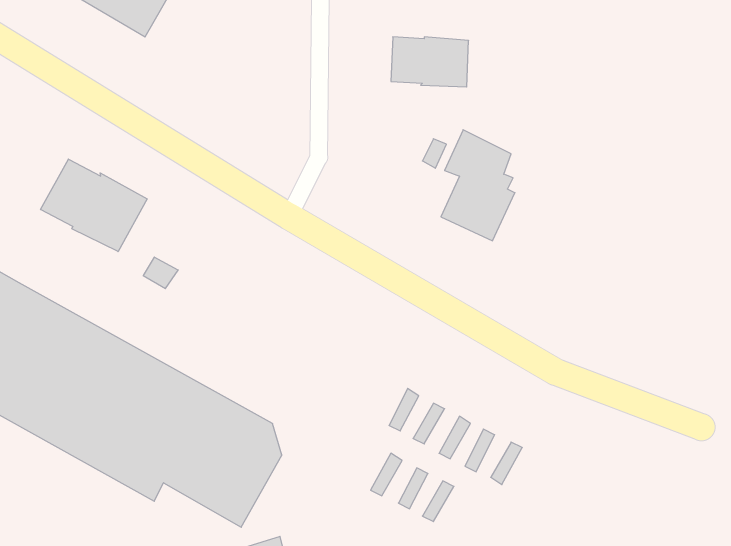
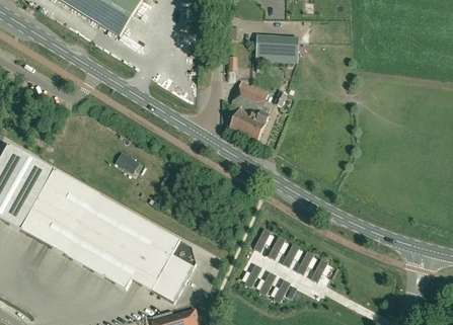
building: [441,130,515,241] -> [229,80,270,141]
building: [41,159,147,252] -> none

